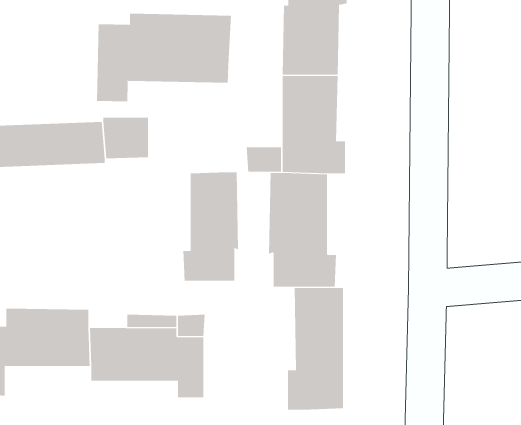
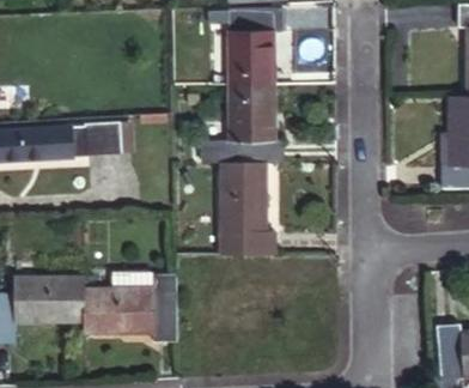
building: [97,13,232,102] -> none
building: [183,172,239,282] -> none
building: [288,287,344,411] -> none

